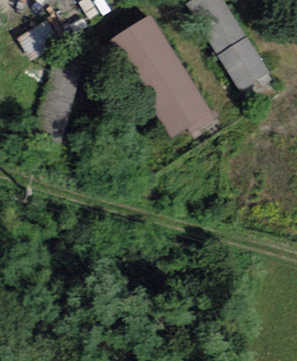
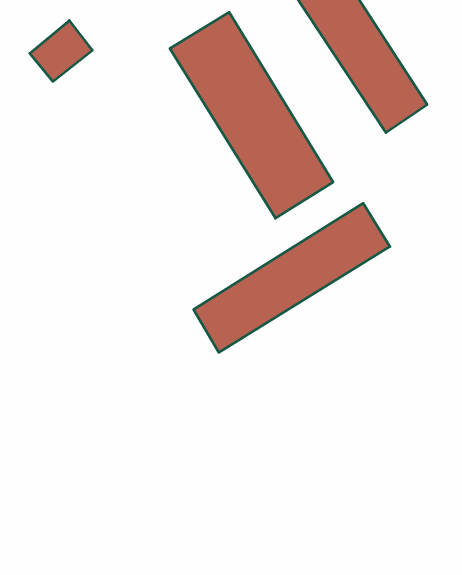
building: none -> [194,203,390,352]

